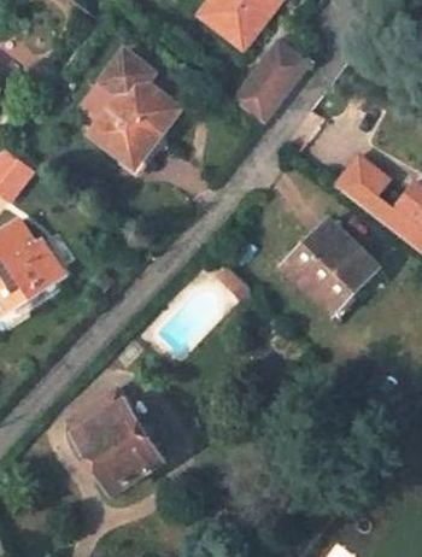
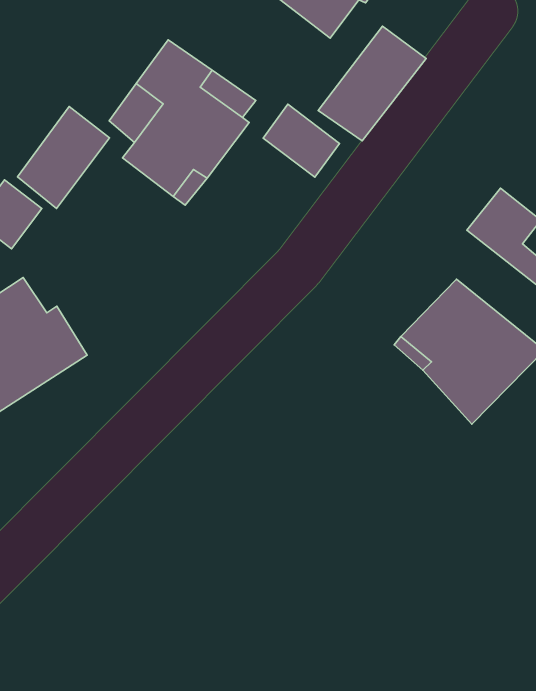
building: none -> [263,104,339,177]
building: none -> [17,106,109,208]
building: [69,385,178,491] -> none

